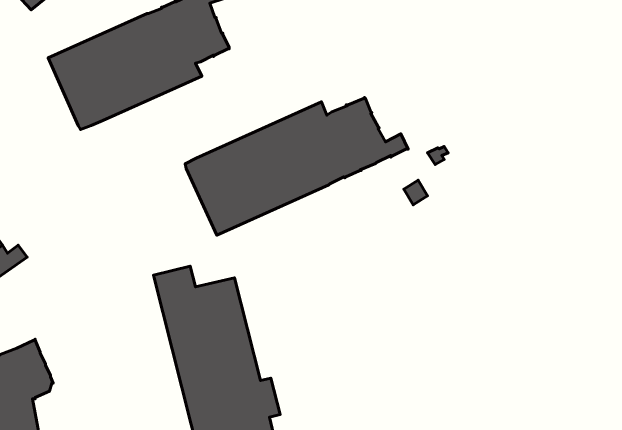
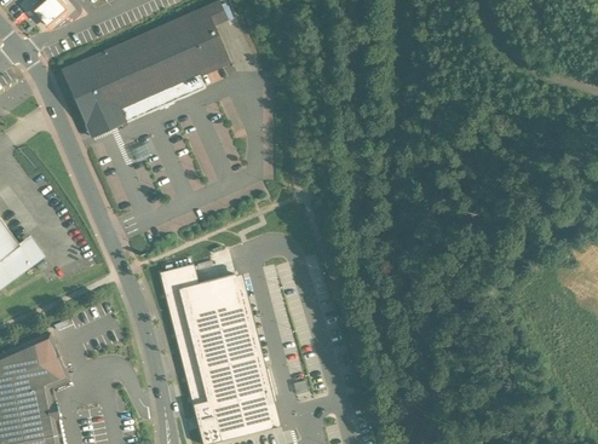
building: [185,98,408,235] -> none

